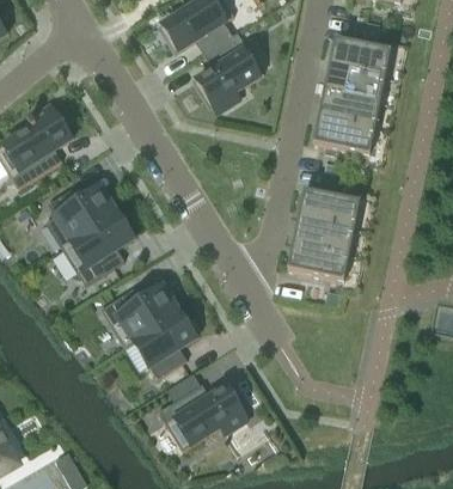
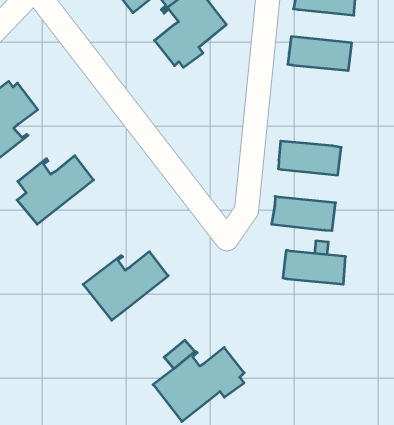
building: [324,63,386,102] -> none
building: [313,116,375,154] -> none
building: [62,208,136,283] -> none
building: [293,215,355,253] -> [283,250,346,284]
building: [134,307,200,377] -> none

